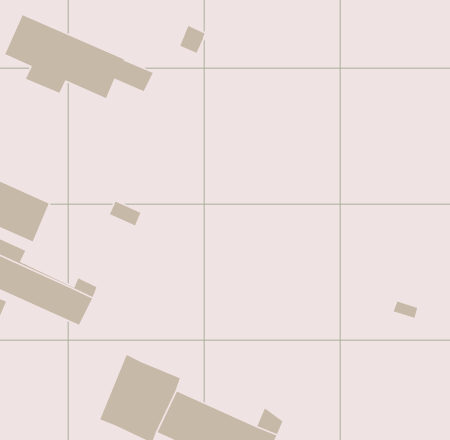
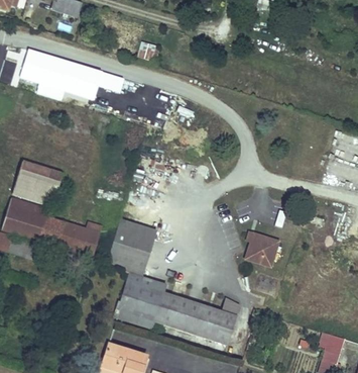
building: none -> [107,218,157,276]
building: none -> [247,234,277,263]

